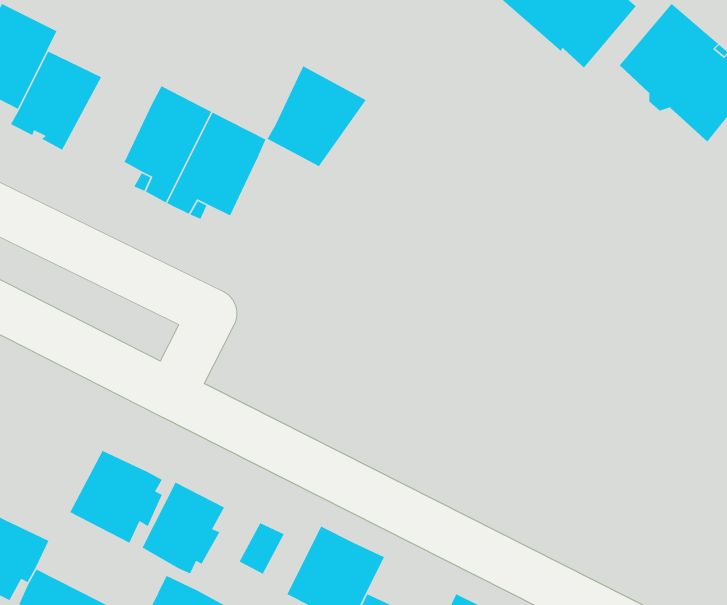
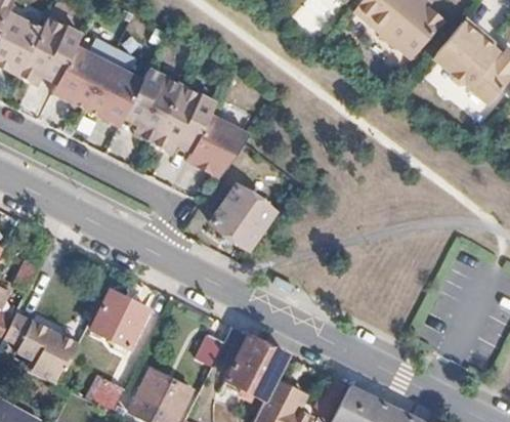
building: [267,65,367,167] -> [185,109,248,172]
building: none -> [86,58,141,121]
building: none -> [205,185,275,251]
building: [142,481,225,575] -> none

